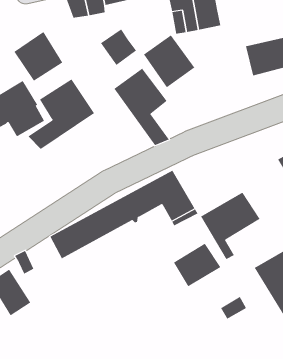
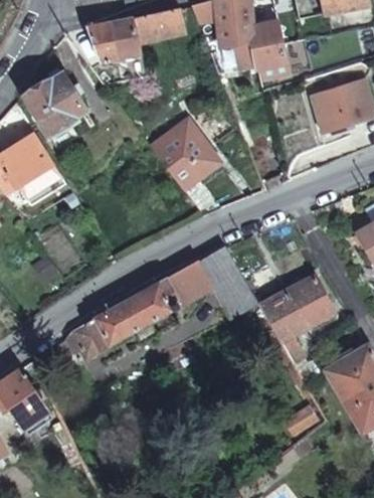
building: [100,28,137,66] -> none
building: [143,35,195,88] -> none
building: [28,79,95,150] -> none
building: [173,243,221,287] -> none

